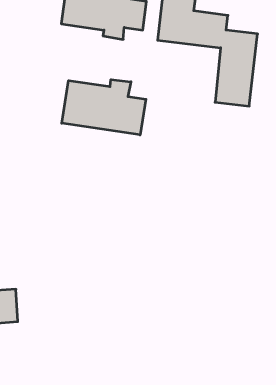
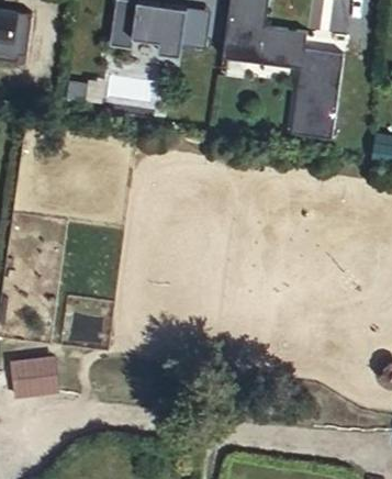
building: [62,80,146,135] -> none

